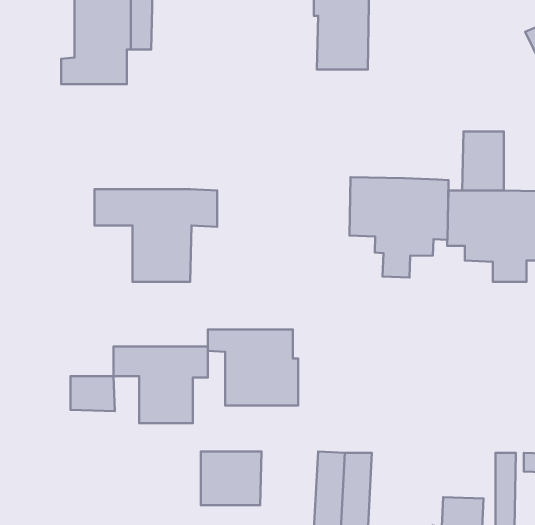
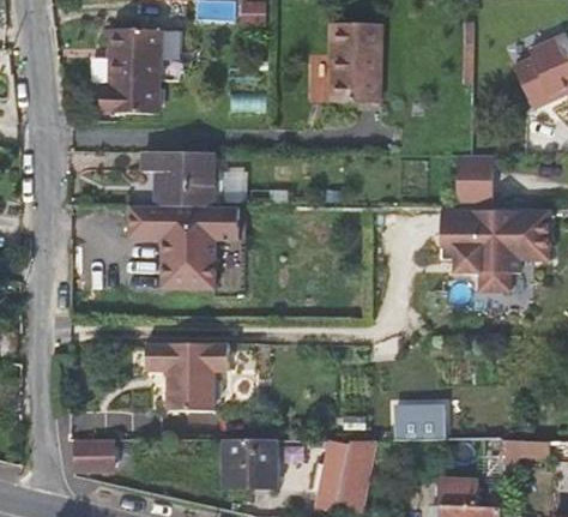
building: none -> [143,152,214,206]
building: [349,177,448,278] -> none
building: [208,330,298,406] -> none
building: [70,376,115,411] -> [73,439,113,470]
building: none -> [393,401,446,439]

